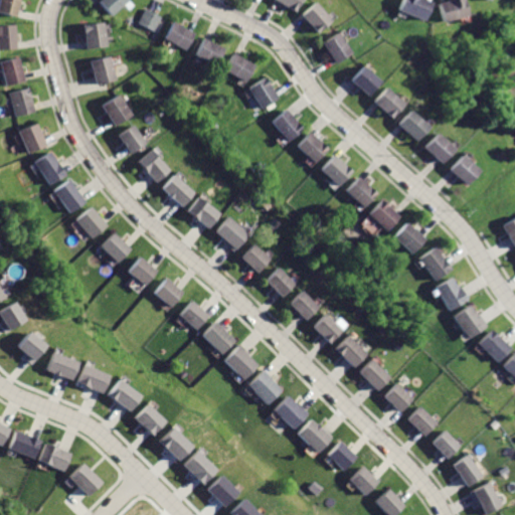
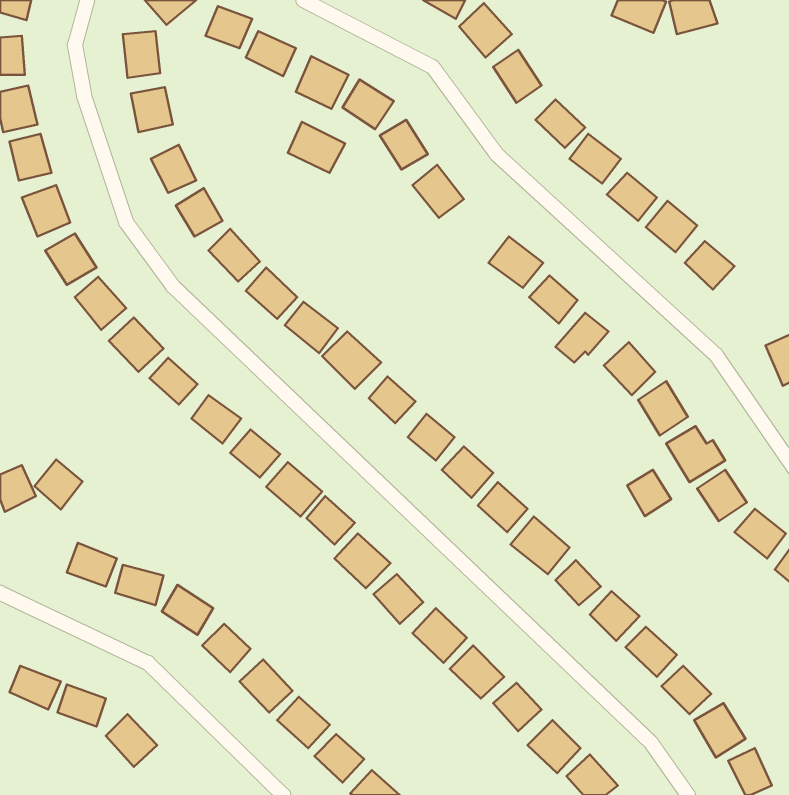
building: none -> [288,122,345,173]
building: [295,130,328,163] -> none
building: none -> [627,470,671,516]
building: [17,330,48,362] -> [34,460,83,509]

